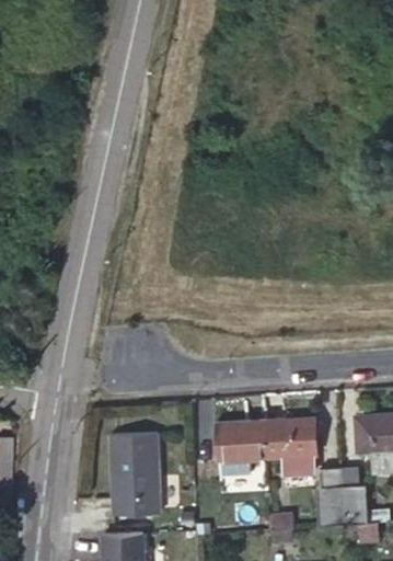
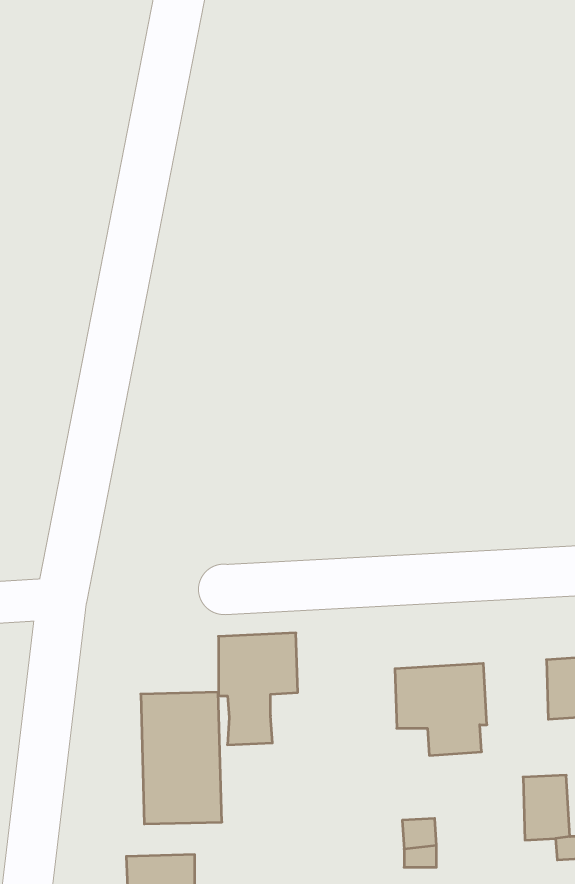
building: [217,420,265,488] -> [218,633,298,745]
building: [317,465,343,525] -> none

